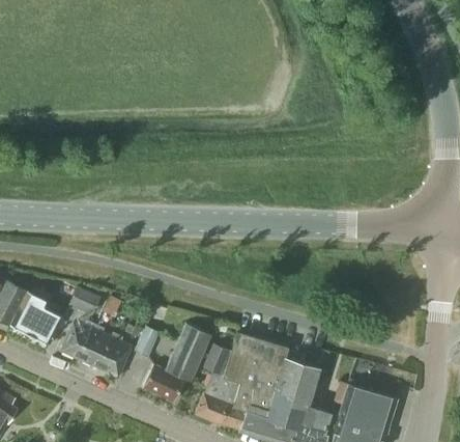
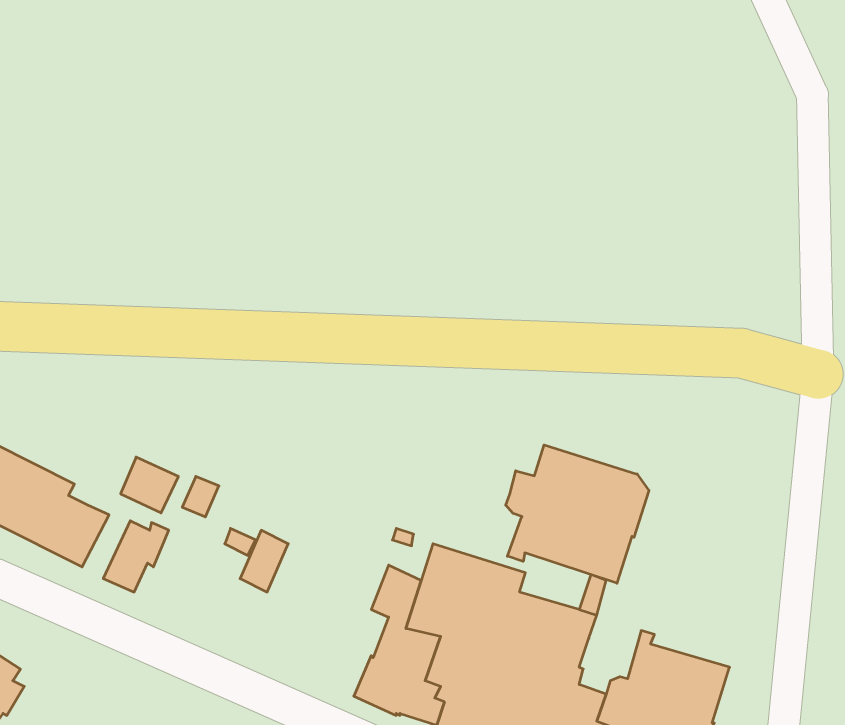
building: none -> [506,445,649,583]
building: [142,323,209,402] -> none
building: [76,325,131,378] -> none

